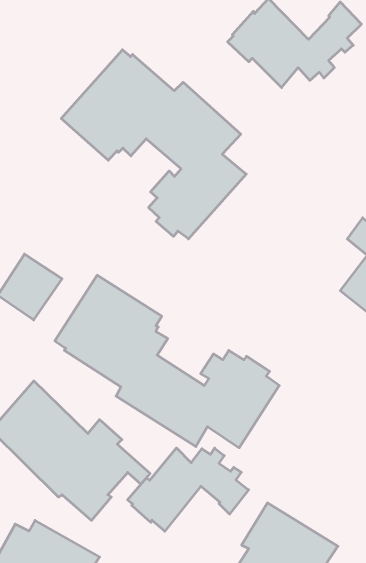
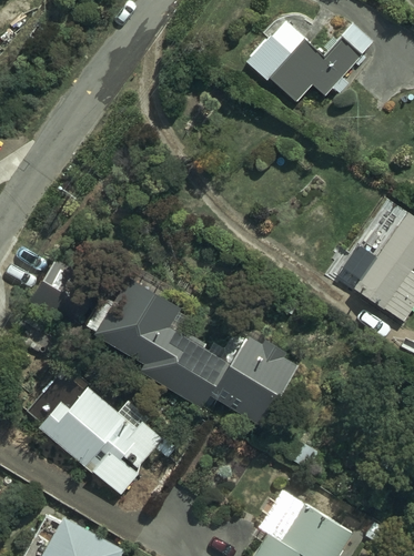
building: [61,50,246,239] -> none
building: [128,448,249,531] -> none

